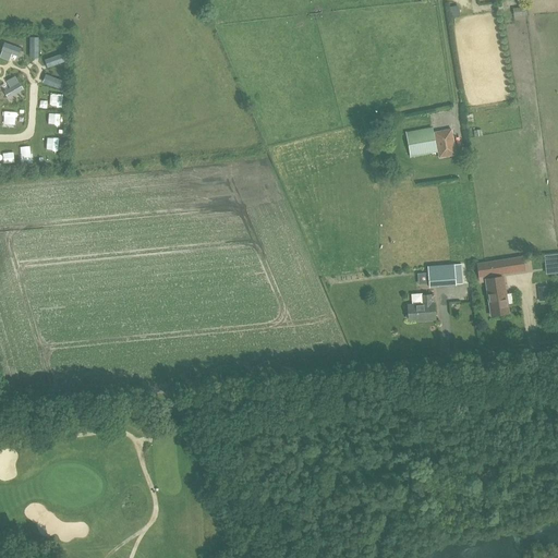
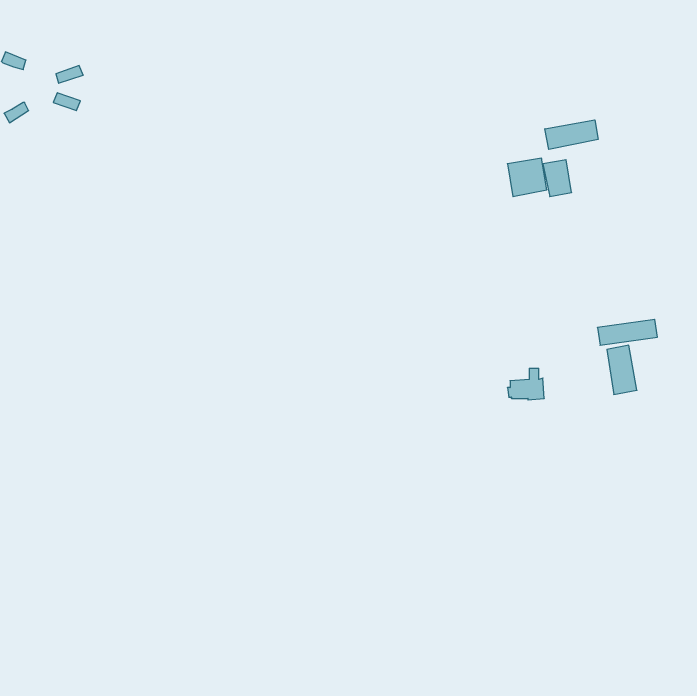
building: none -> [545,120,598,149]
building: [428,263,456,287] -> none

